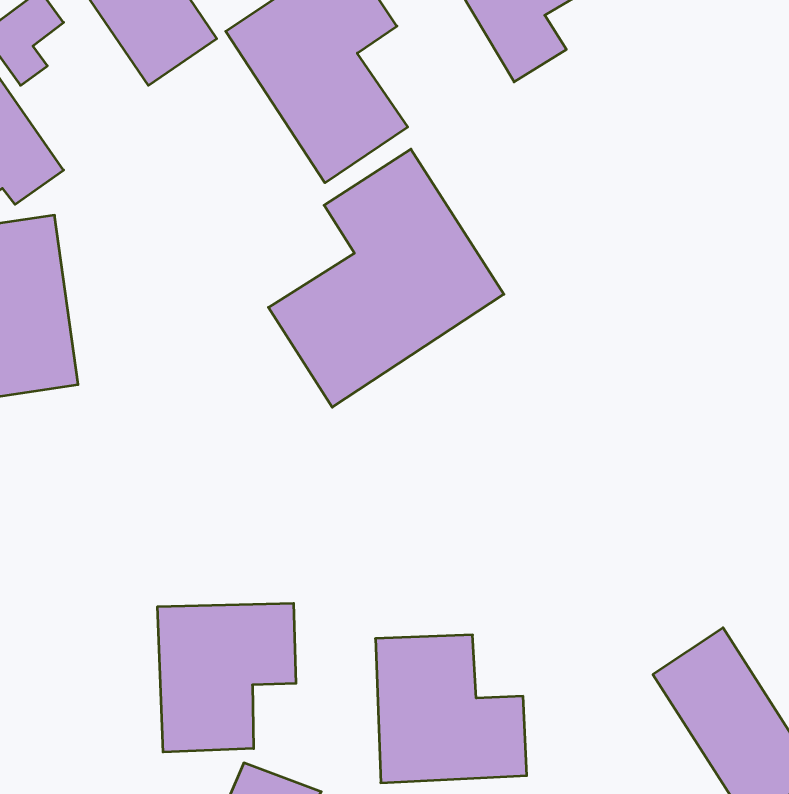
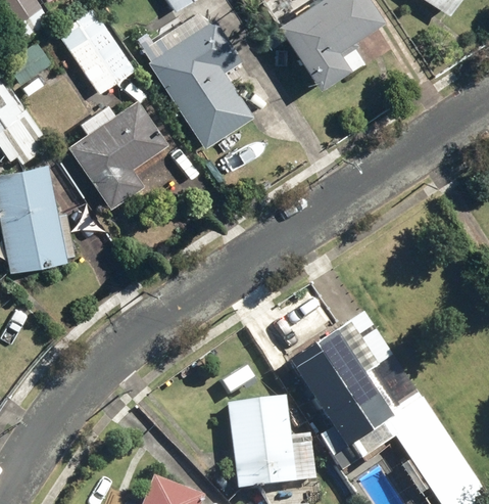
building: none -> [68,101,173,209]
building: [268,149,504,407] -> none
building: none -> [286,313,402,463]
building: [158,603,296,752] -> none

